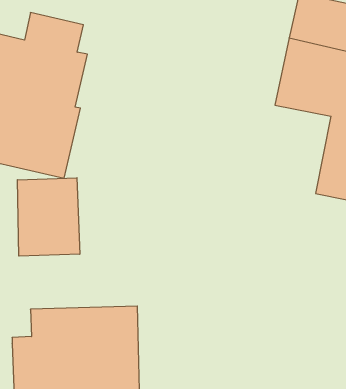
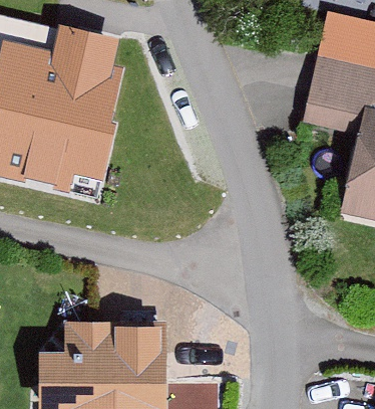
building: [17,178,80,256] -> none

